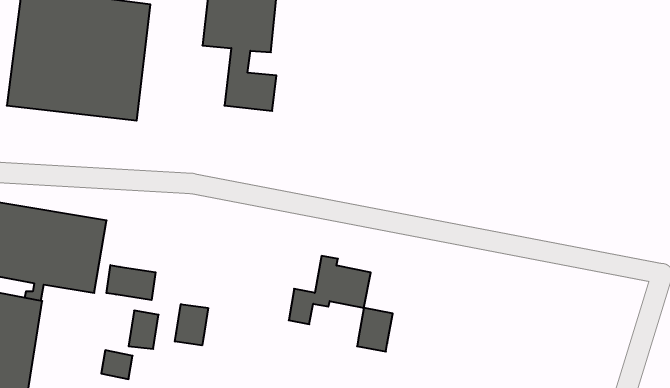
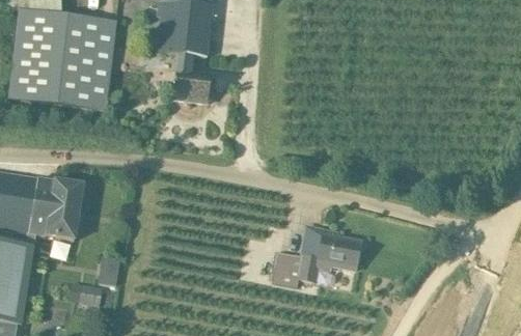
building: [289,256,371,324] -> [298,229,360,281]
building: [106,265,156,300] -> none
building: [175,304,208,345] -> none

